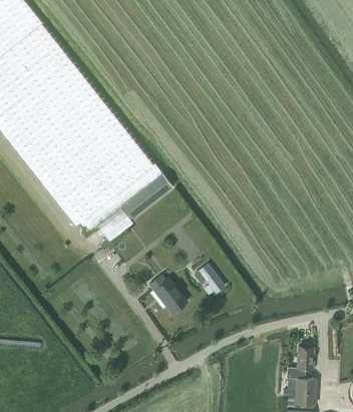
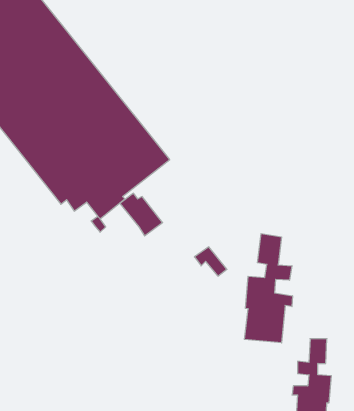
building: none -> [244,234,292,343]
building: [149,275,188,313] -> [120,193,163,236]

